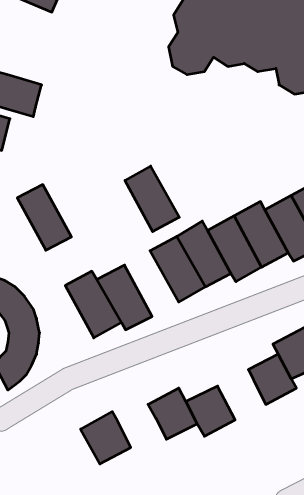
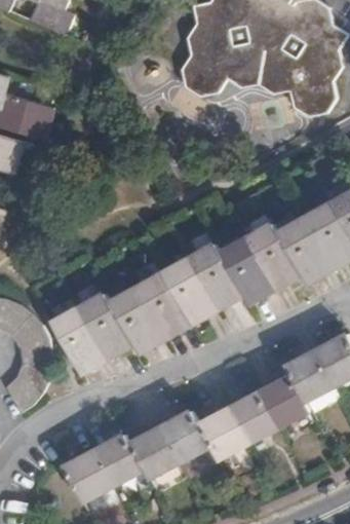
building: [125,166,179,232] -> [135,272,190,338]
building: [17,185,71,250] -> [50,307,105,373]
building: none -> [229,391,277,442]
building: none -> [128,426,178,478]
building: none -> [62,451,111,501]

